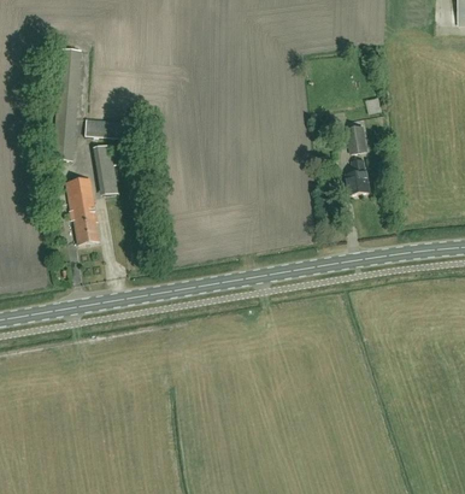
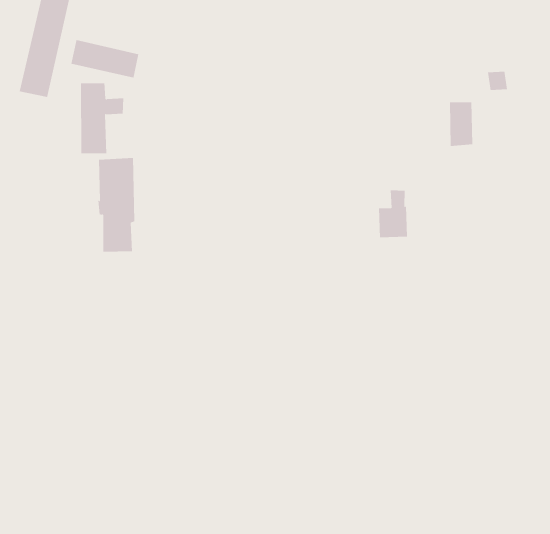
building: [346,160,369,195] -> [378,190,408,238]
building: [65,177,98,245] -> [98,158,135,252]

